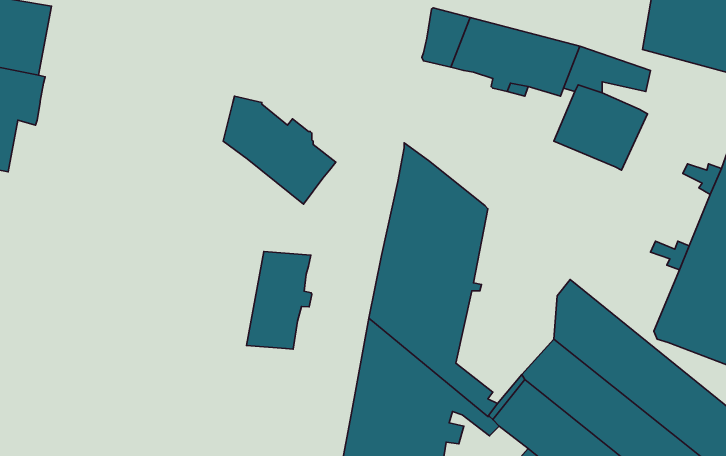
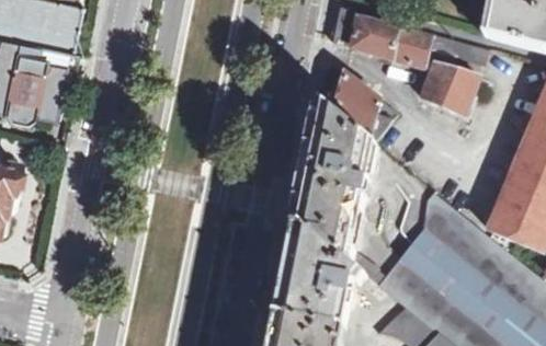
building: [223,96,336,204] -> [317,68,394,141]
building: [246,251,312,349] -> none

